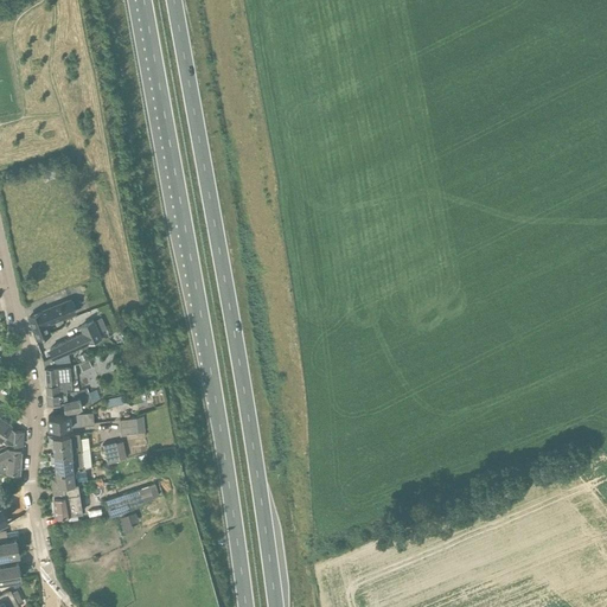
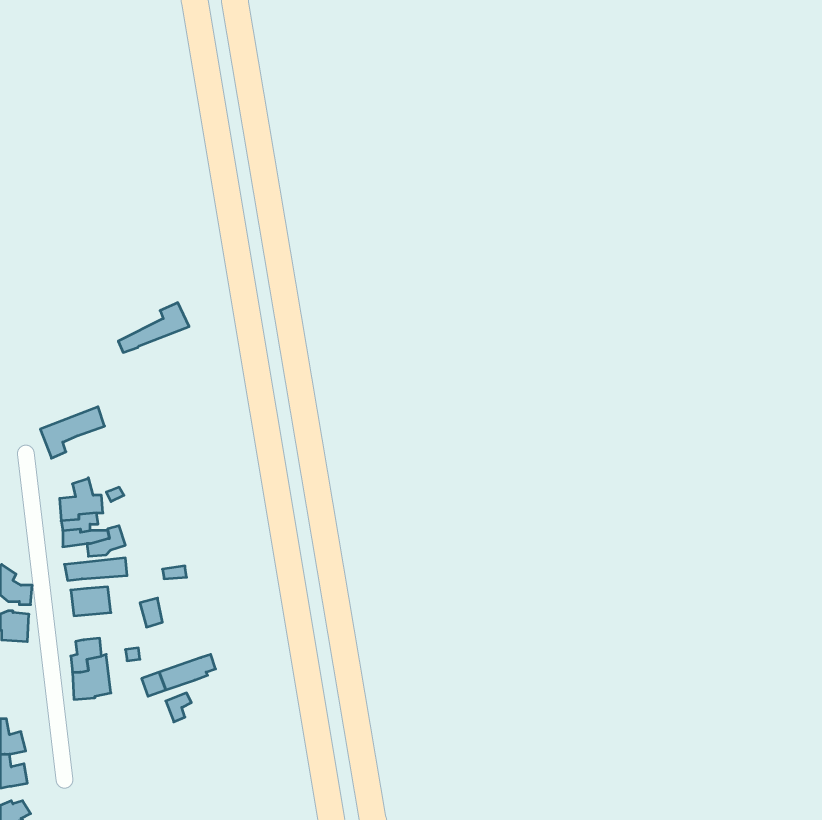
building: [50,321,102,358] -> [118,303,189,352]
building: [55,453,84,474] -> none

